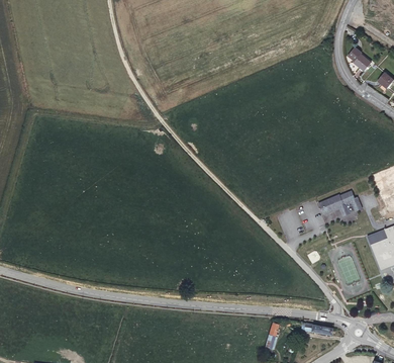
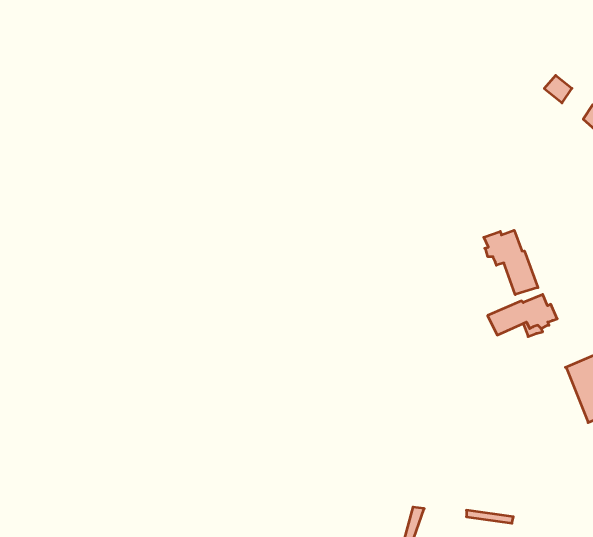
building: none -> [484,230,538,295]

